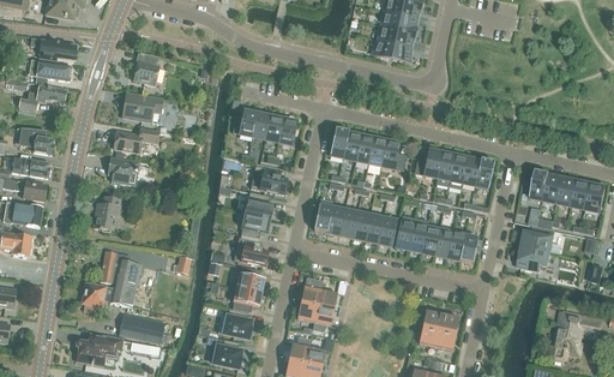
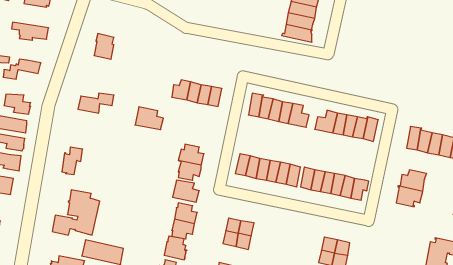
building: [30,60,72,83] -> none
building: [125,95,163,121] -> none
building: [109,157,139,184] -> none
building: [251,164,287,193] -> [135,107,163,130]

